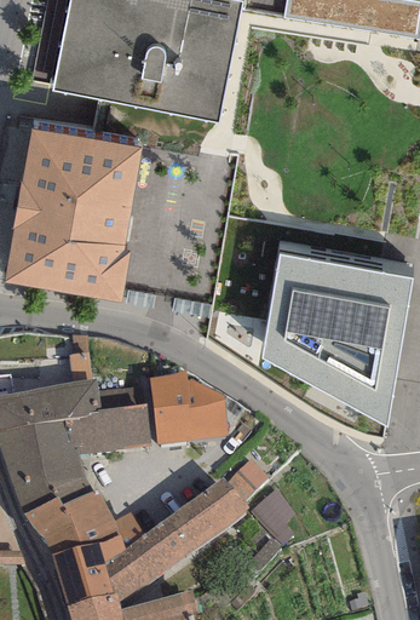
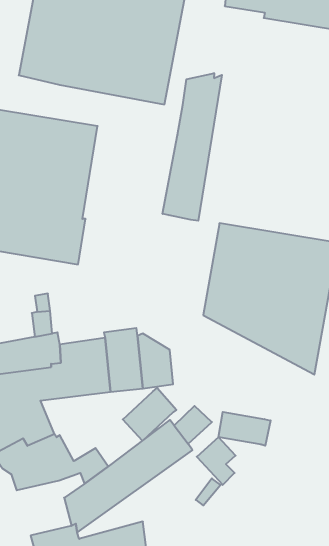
building: none -> [163,73,222,221]
building: none -> [123,388,176,441]
building: none -> [218,412,271,446]
building: [51,534,127,604] -> none

